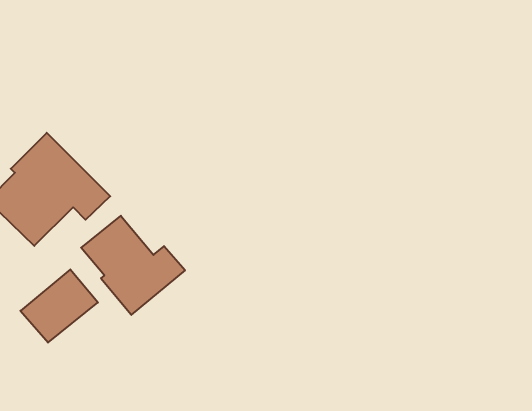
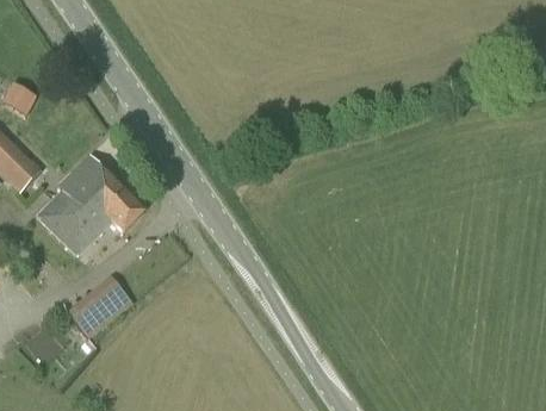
building: [81,216,185,315] -> none

